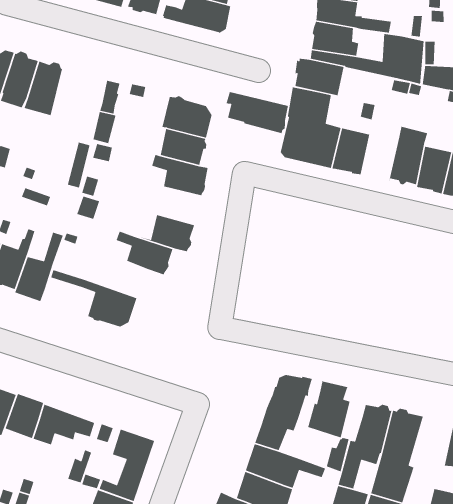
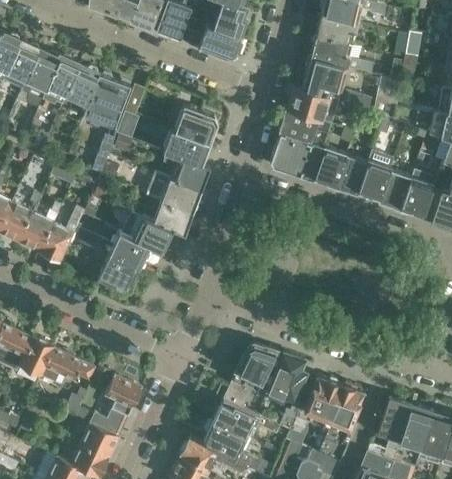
building: none -> [83,73,129,126]
building: [226,91,289,134] -> [149,174,201,214]
building: none -> [334,155,368,195]
building: none -> [76,229,150,269]

